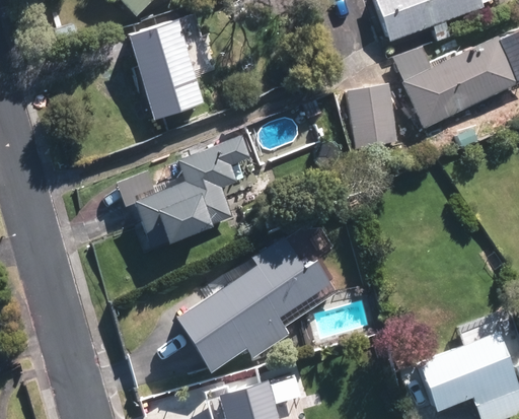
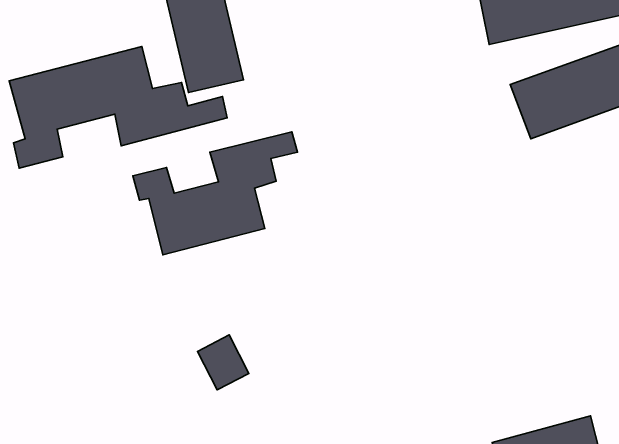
building: none -> [9,47,227,168]
building: [352,87,393,139] -> none
building: [217,247,331,351] -> none

